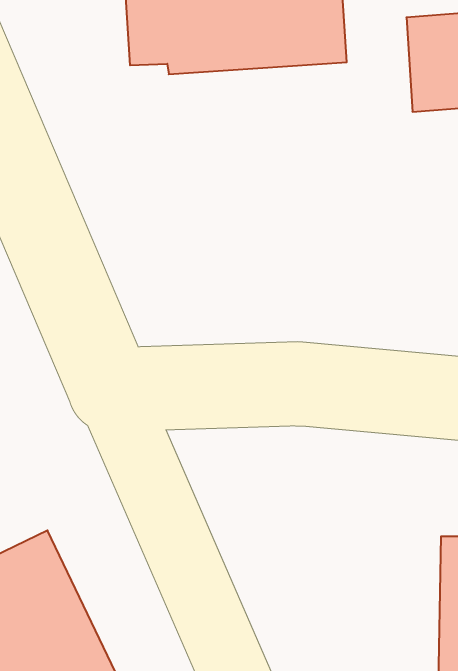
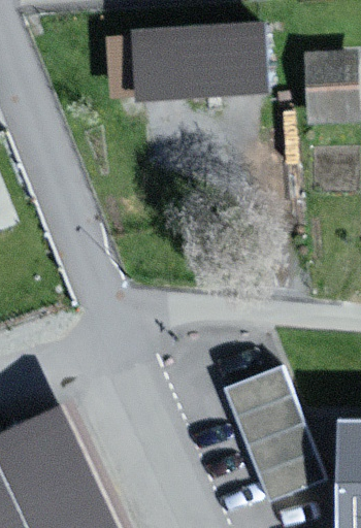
building: none -> [227,368,321,497]

